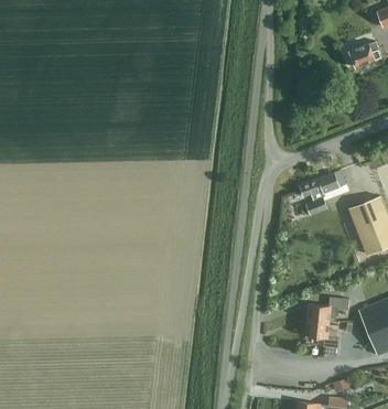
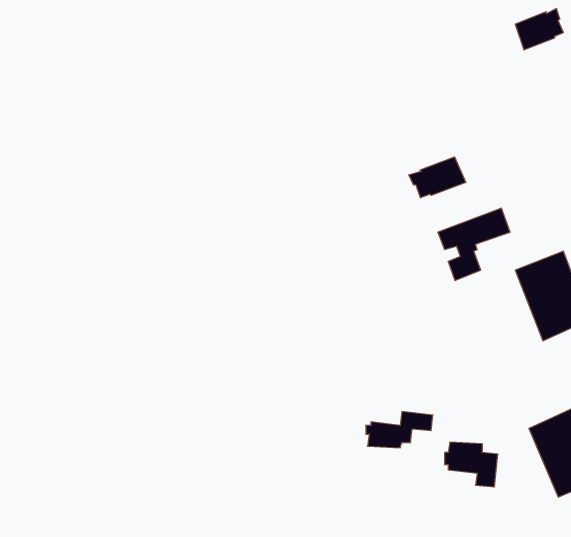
building: none -> [409,157,466,198]
building: [306,298,349,321] -> [366,412,433,448]

